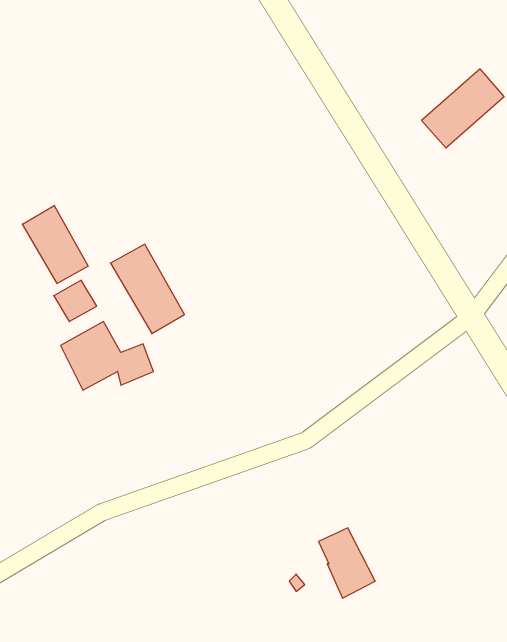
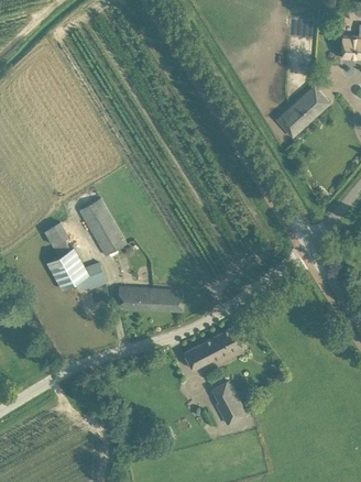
building: [22,205,88,284] -> none
building: none -> [119,286,184,313]
building: none -> [185,324,248,370]

